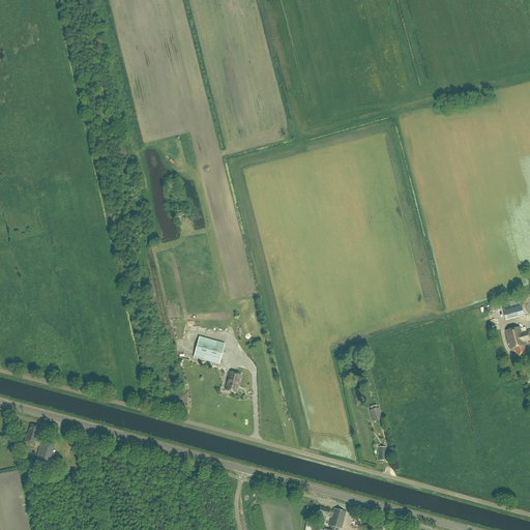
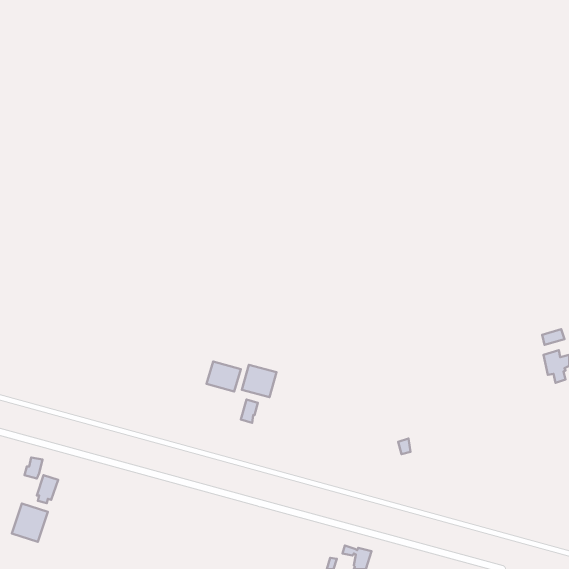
building: none -> [242,365,277,397]
building: none -> [12,504,48,542]

